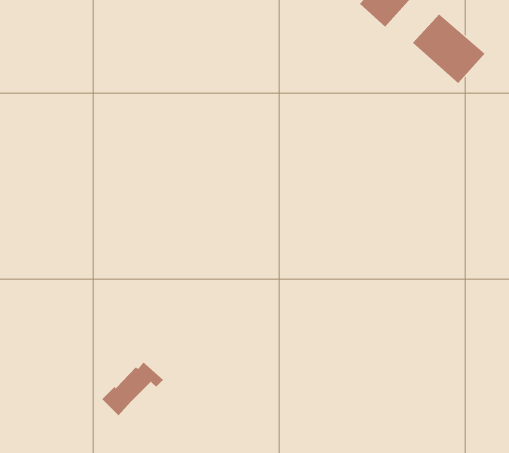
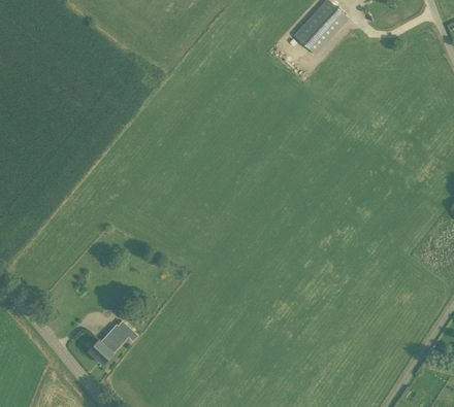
building: [412,14,485,84] -> none

